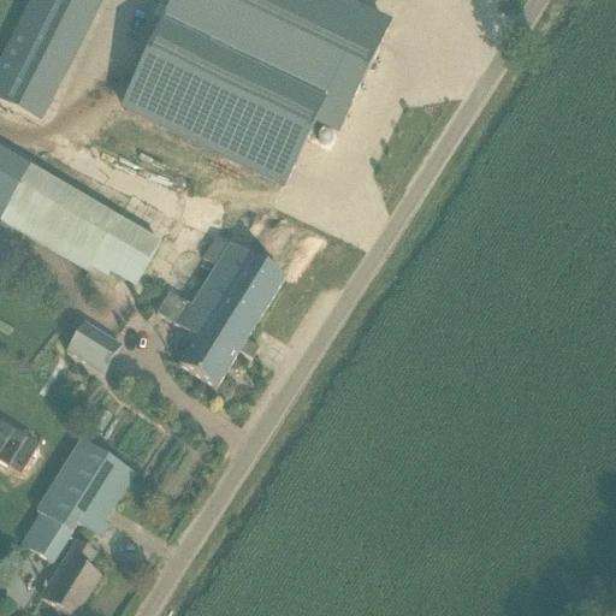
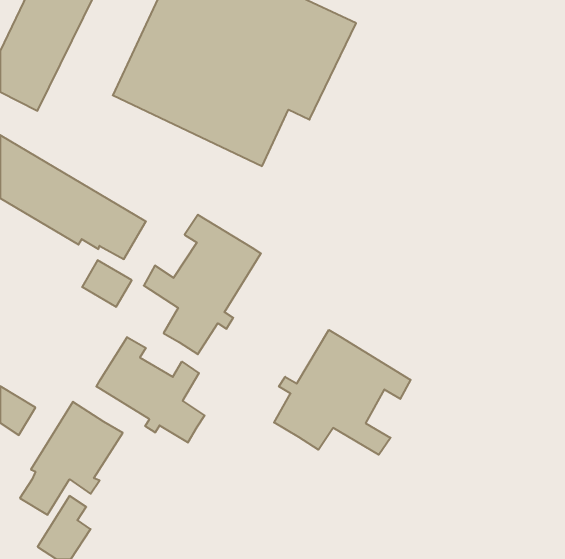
building: [65,320,119,371] -> [82,260,132,307]
building: none -> [274,330,411,455]
building: none -> [96,337,205,443]

